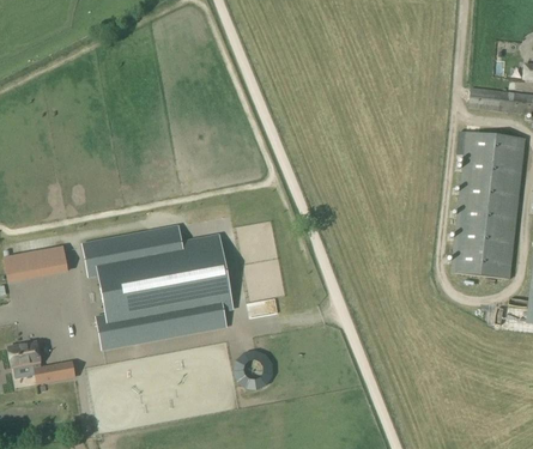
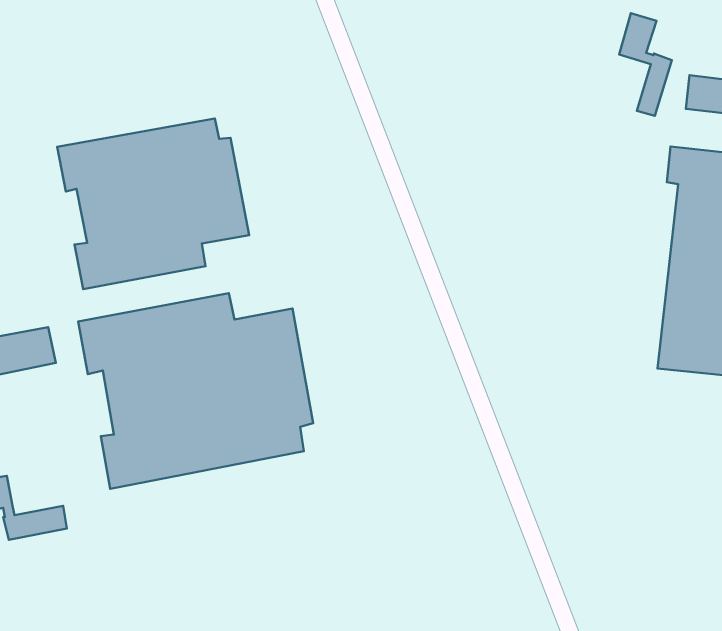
building: none -> [619,13,672,116]
building: none -> [57,118,249,289]

